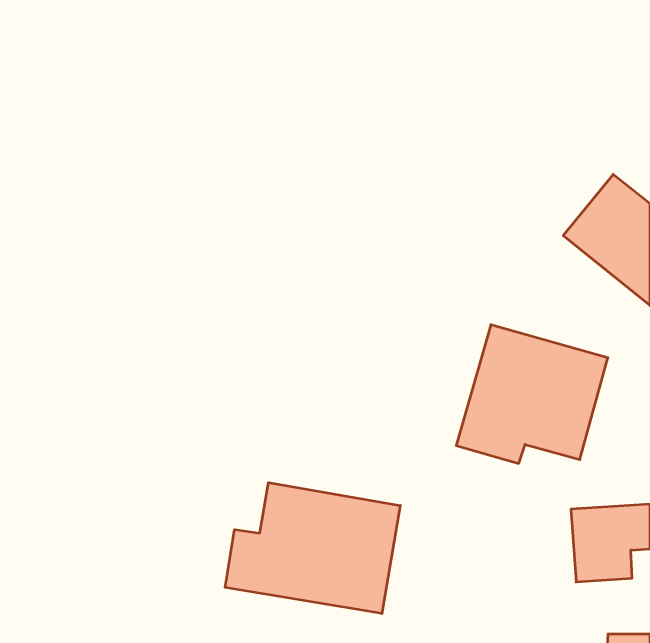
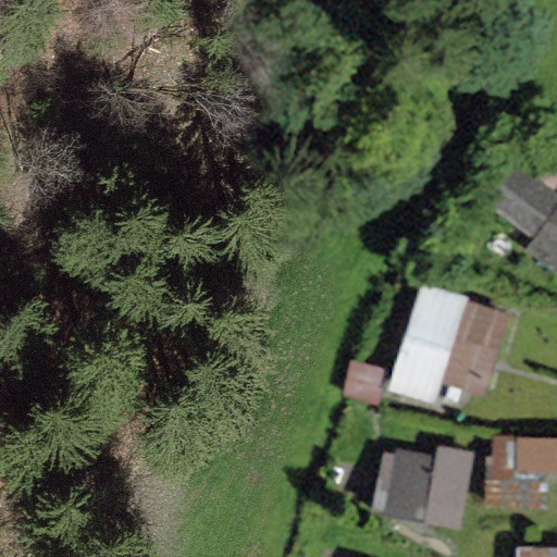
building: [225,483,400,614] -> none
building: none -> [372,447,474,529]

